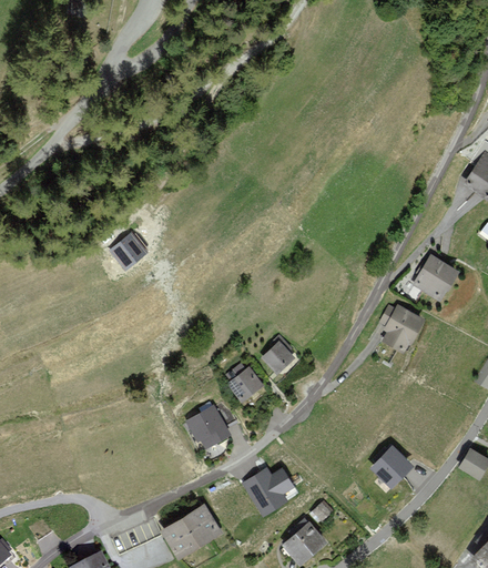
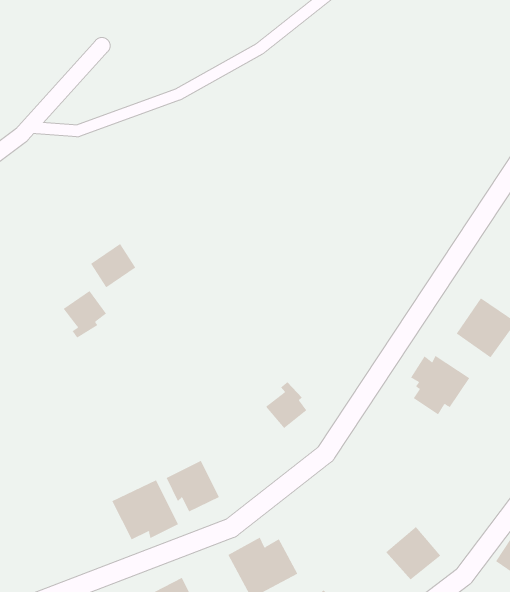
building: none -> [63,290,107,339]
building: [225,363,264,403] -> none
building: none -> [112,479,179,540]

